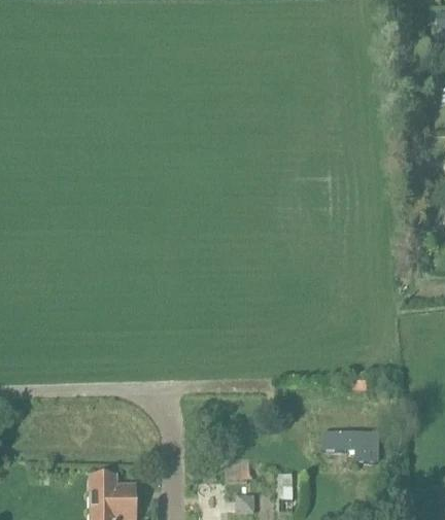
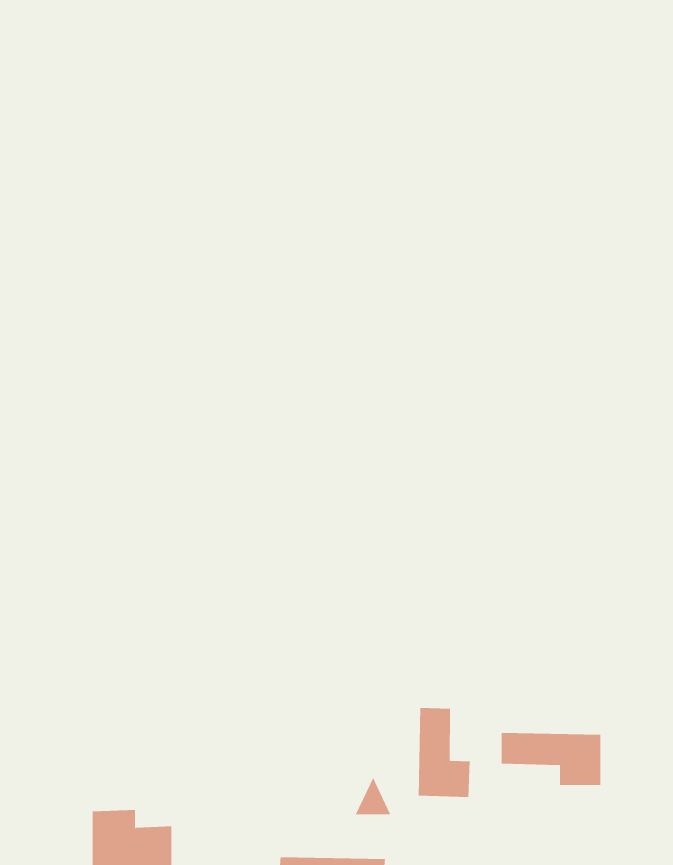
building: none -> [418,707,470,798]

